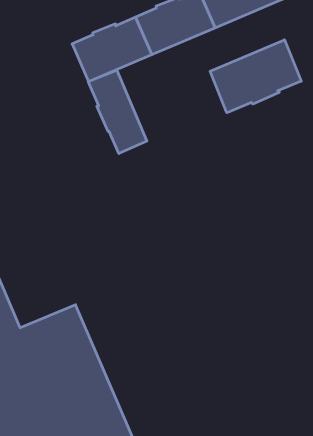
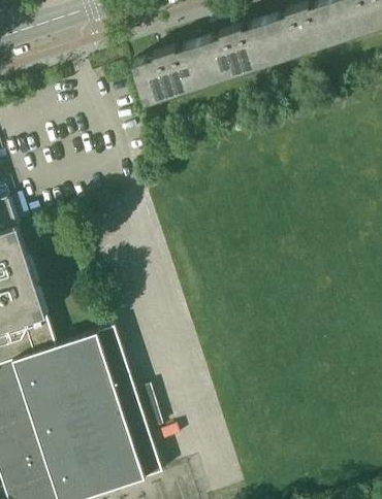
building: [210,40,301,113] -> none
building: [88,70,147,154] -> none

